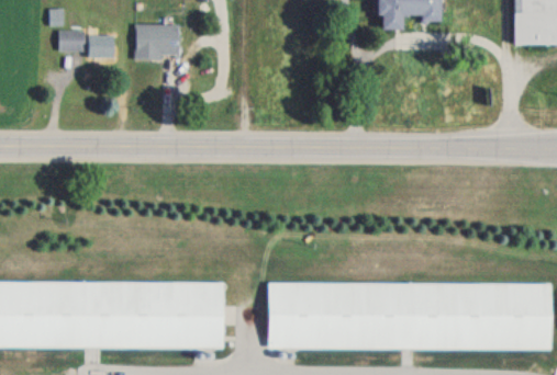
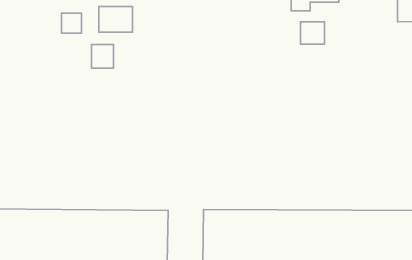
building: [59,31,86,50] -> none
building: none -> [300,22,325,44]
building: none -> [92,44,114,68]

